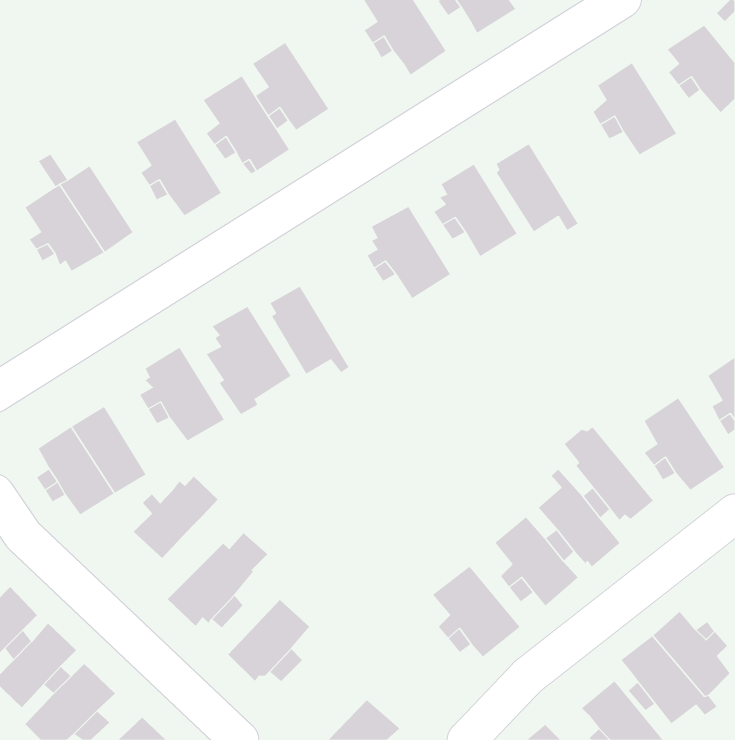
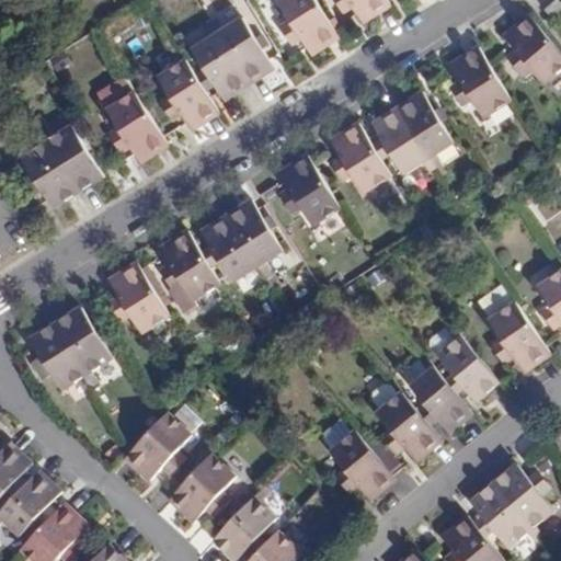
building: none -> [216,18,271,82]
building: none -> [400,93,455,169]
building: none -> [227,202,282,277]
building: [133,476,218,559] -> none
building: none -> [216,485,275,551]

